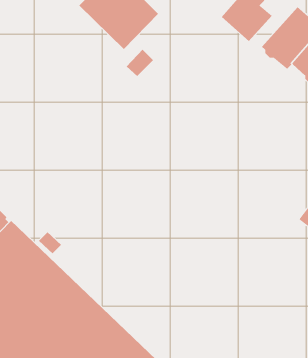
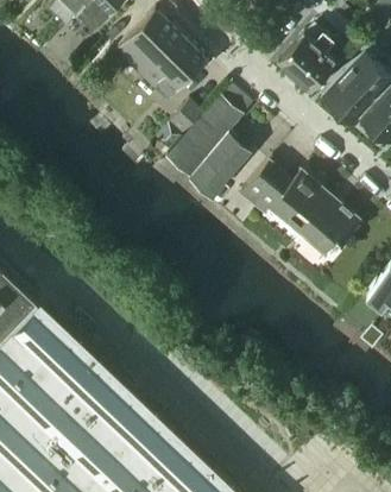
building: none -> [168,86,251,196]
building: none -> [241,160,360,253]

